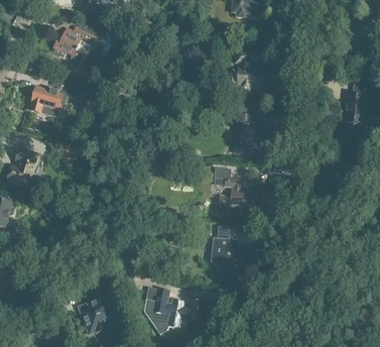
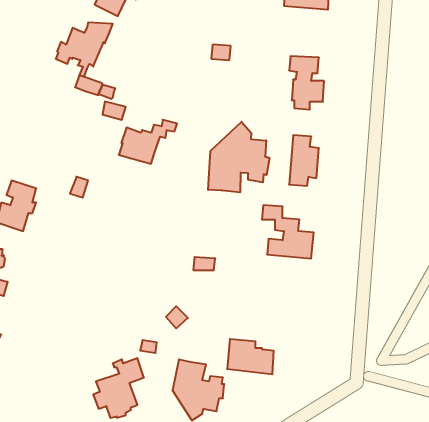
building: [28,80,74,114] -> [119,120,177,164]
building: none -> [208,122,269,192]
building: [210,236,246,263] -> [227,339,274,374]

